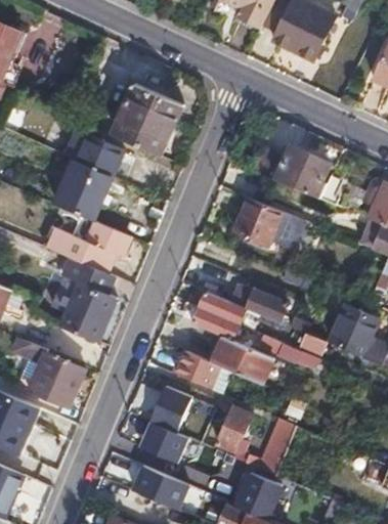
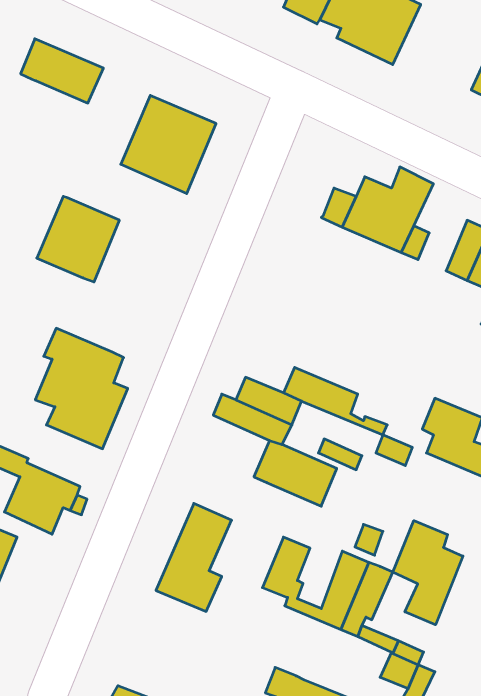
building: [63,128,124,175] -> [21,39,103,103]
building: [233,196,302,247] -> none
building: [48,217,130,271] -> none
building: [177,351,220,388] -> none
building: none -> [393,521,463,625]
building: [132,464,188,509] -> none
building: [242,470,277,515] -> none

